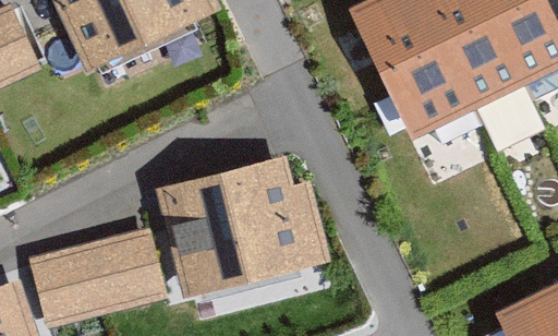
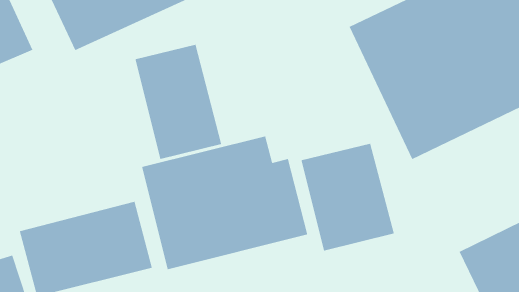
building: none -> [135,44,222,160]
building: none -> [300,143,395,252]

